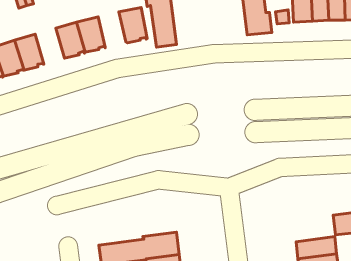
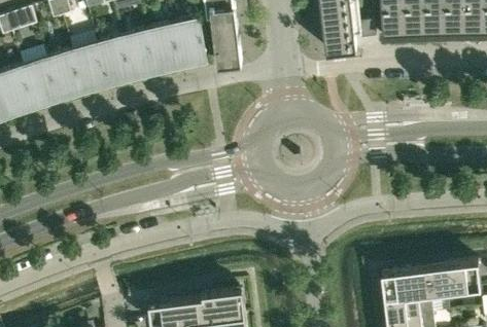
building: none -> [147,24,180,66]
building: none -> [72,43,107,86]
building: none -> [381,266,431,298]

